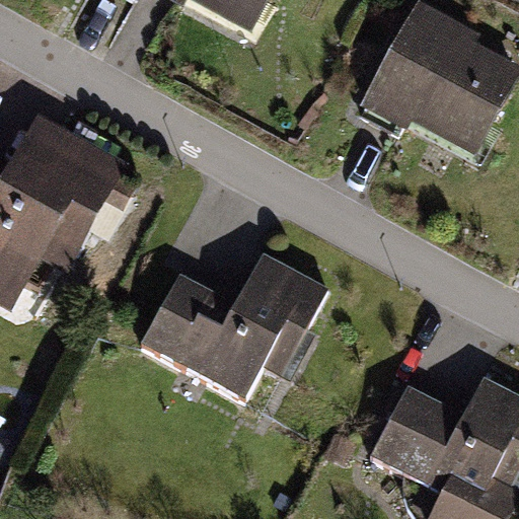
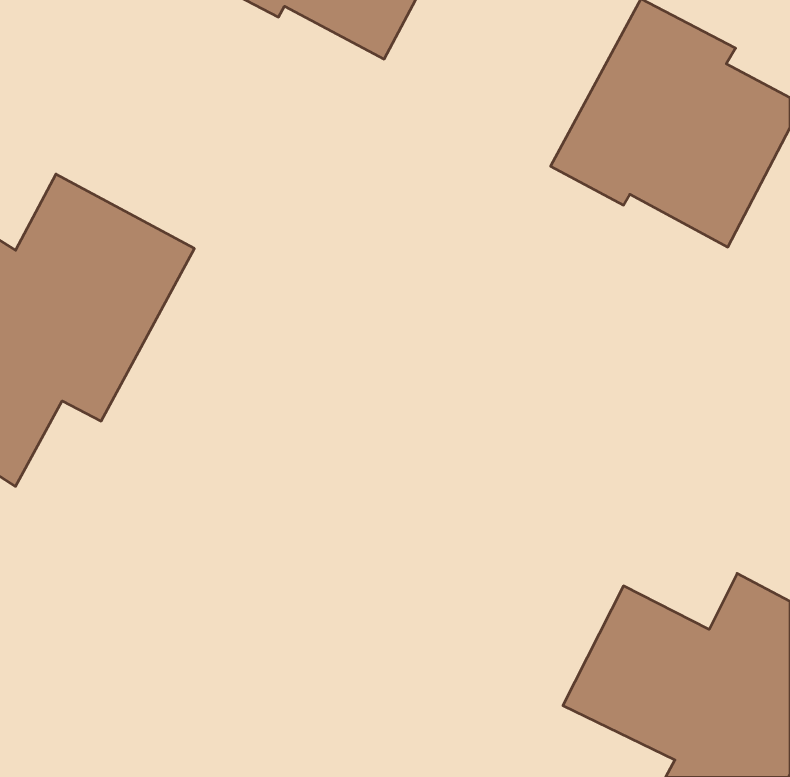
building: [139,250,327,400] -> none

